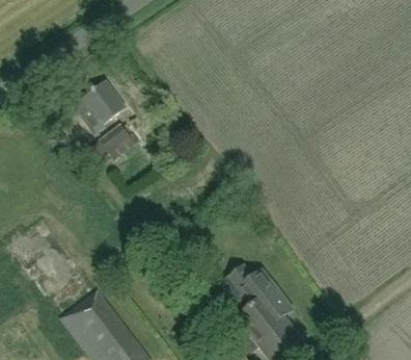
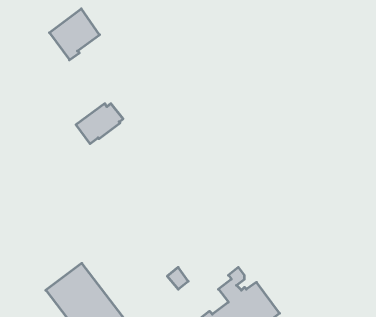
building: [72,79,124,132] -> [49,9,100,60]
building: [219,263,292,316] -> none

